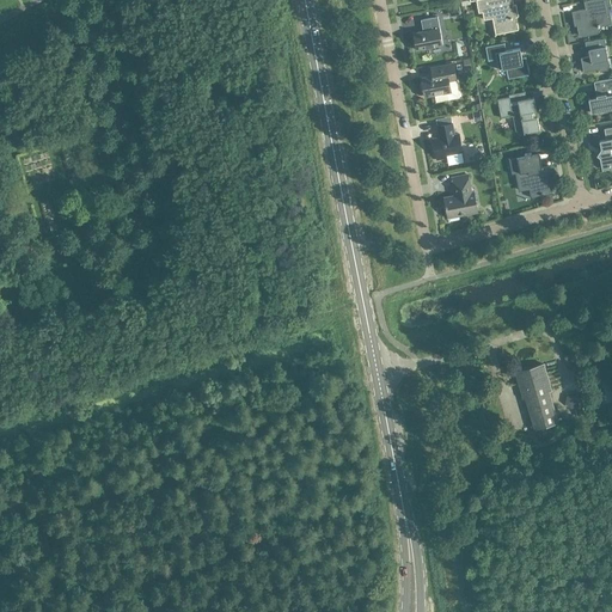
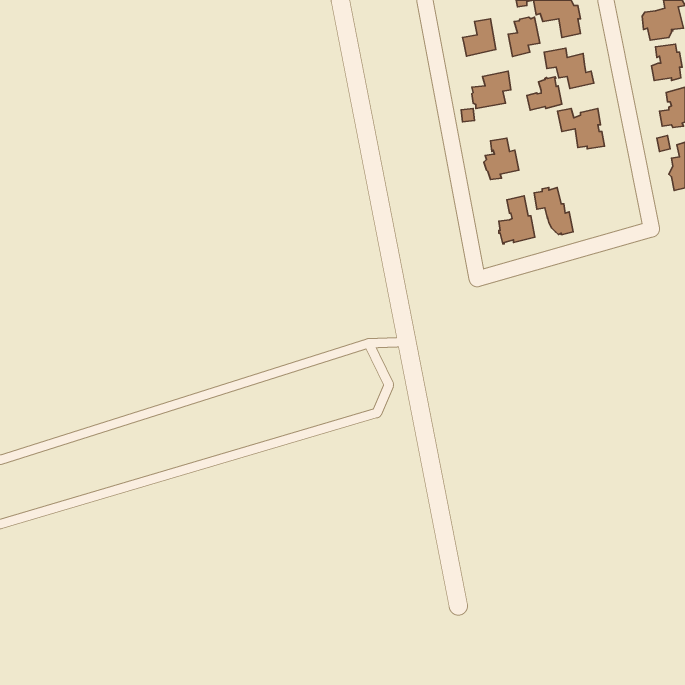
building: none -> [508,17,540,56]
building: none -> [527,77,562,110]
building: [518,153,552,195] -> [534,188,573,235]
building: [515,365,557,429] -> none

